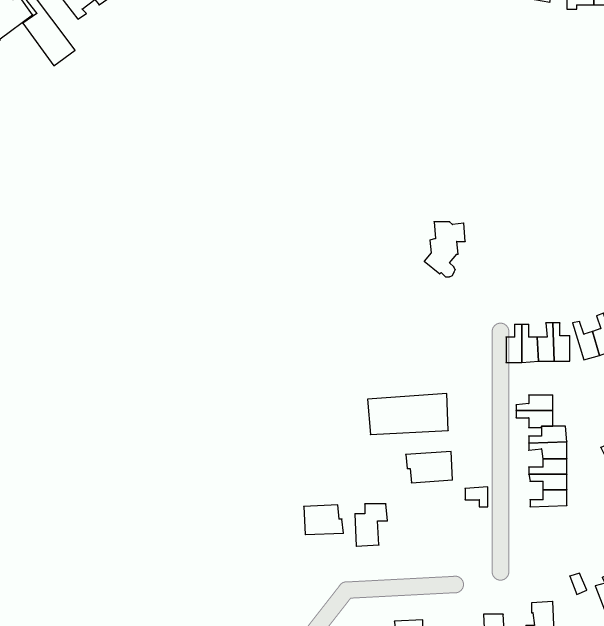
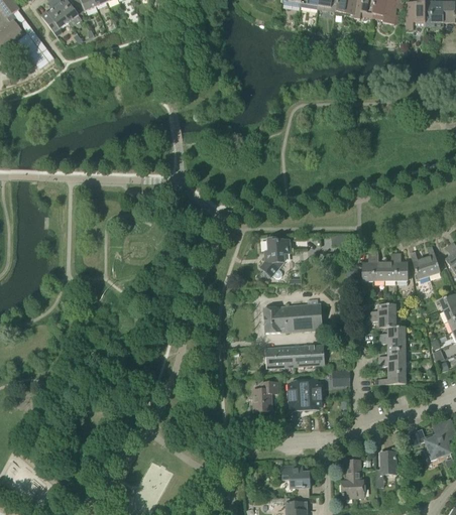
building: [424,222,465,277] -> [260,238,290,277]
building: none -> [288,378,323,410]
building: [304,505,343,535] -> [266,346,295,367]

